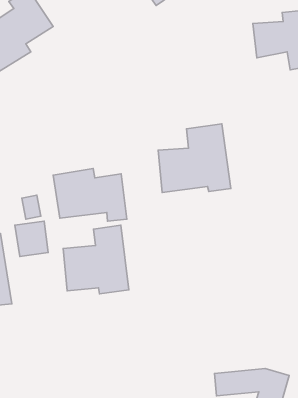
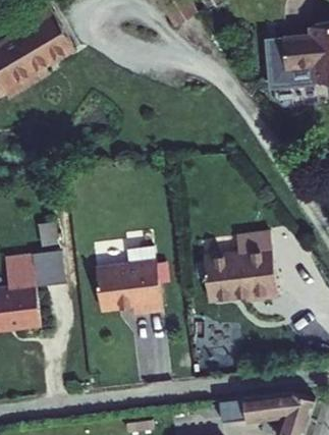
building: [158,124,231,193] -> [204,232,277,302]
building: [53,168,127,221] -> none

